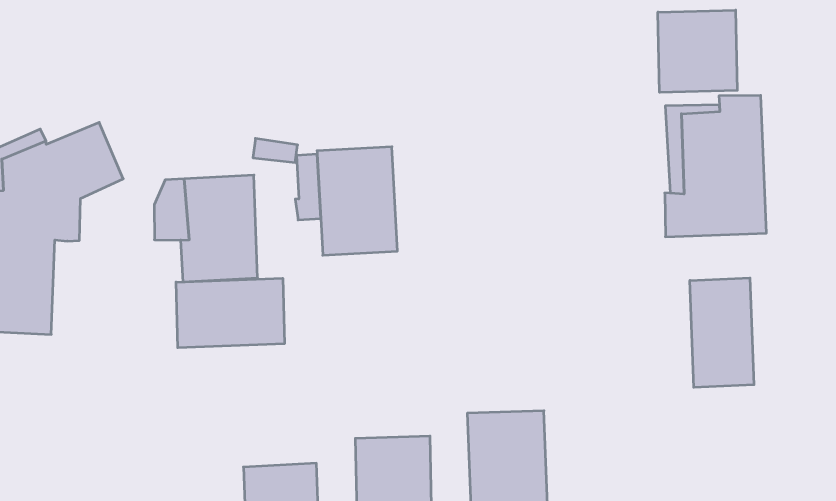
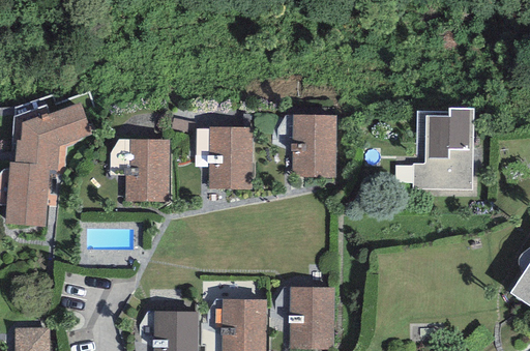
building: [658,10,737,92] -> none
building: none -> [292,114,336,177]
building: [690,278,754,387] -> none
building: [176,278,284,348] -> none

